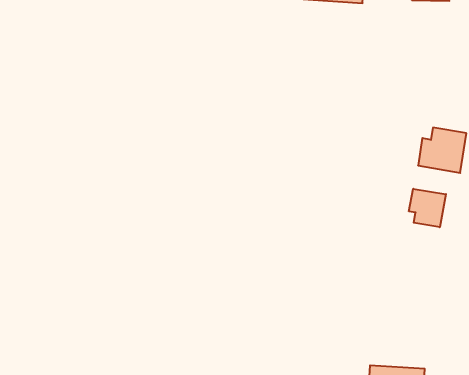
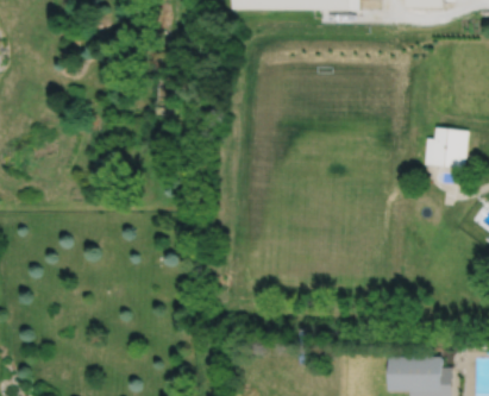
building: [409,189,446,227] -> none

